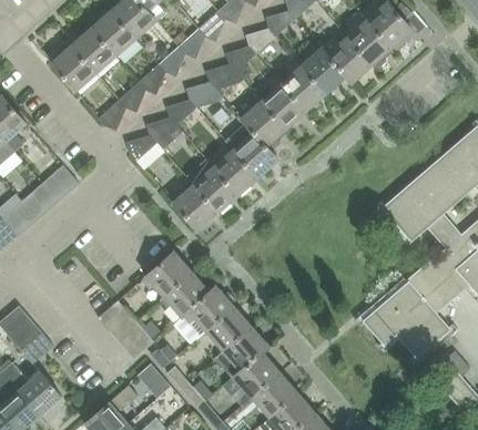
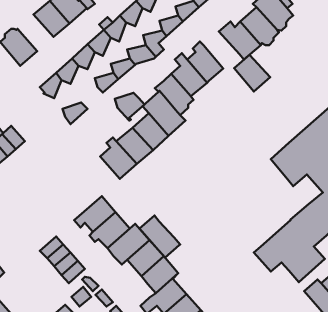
building: [70,28,114,73] -> none
building: [299,49,344,94] -> [234,55,270,92]
building: [145,117,182,152] -> [115,93,144,121]
building: none -> [140,216,180,258]

